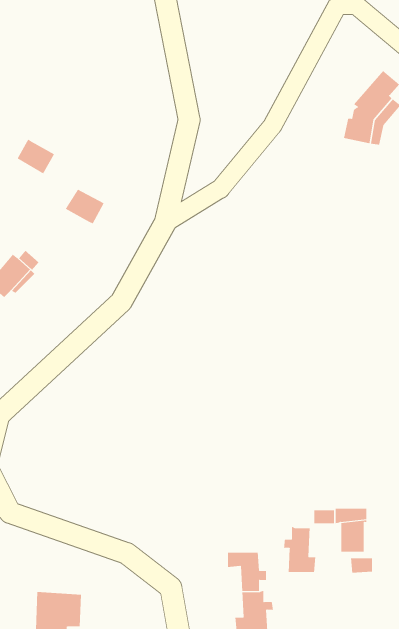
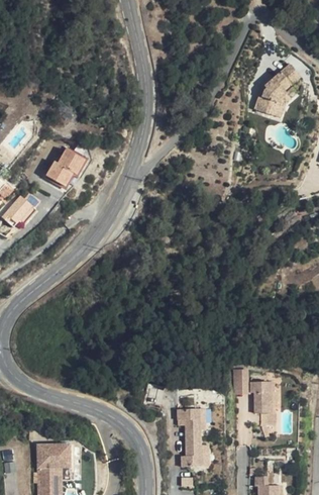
building: [17,139,55,174] -> [46,163,74,188]
building: [283,526,316,573] -> none

